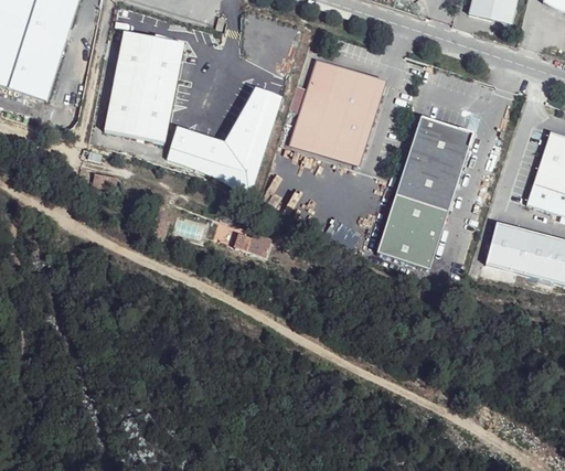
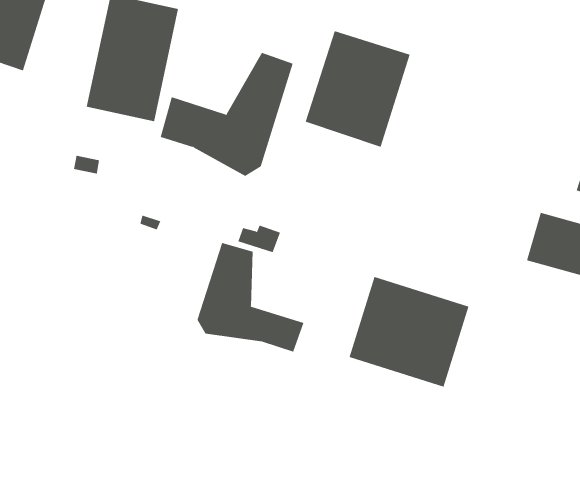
building: [379,116,475,268] -> none
building: none -> [197,242,304,352]
building: none -> [349,276,469,387]

